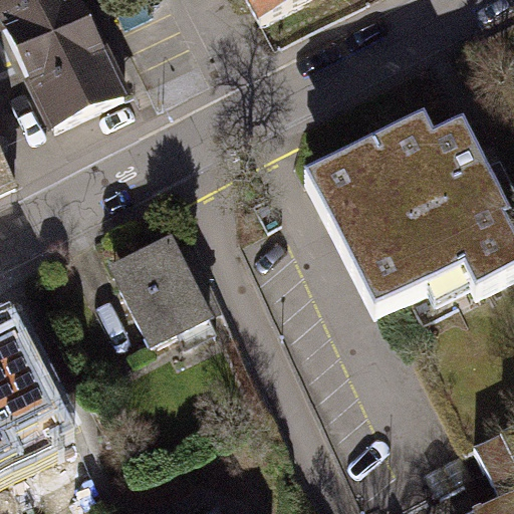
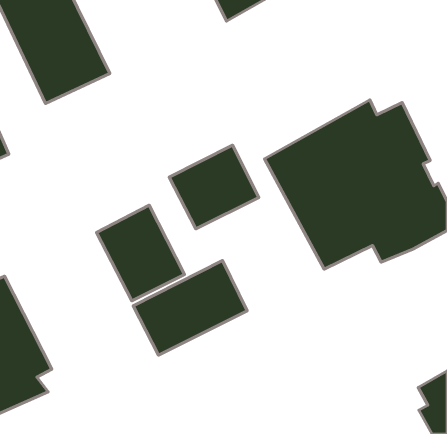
building: none -> [169,145,259,229]
building: none -> [133,261,247,355]

